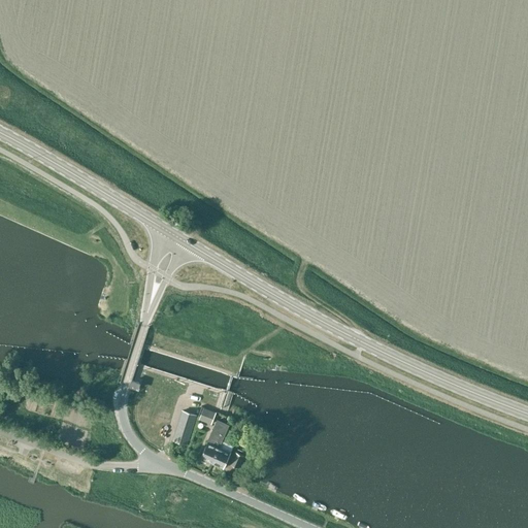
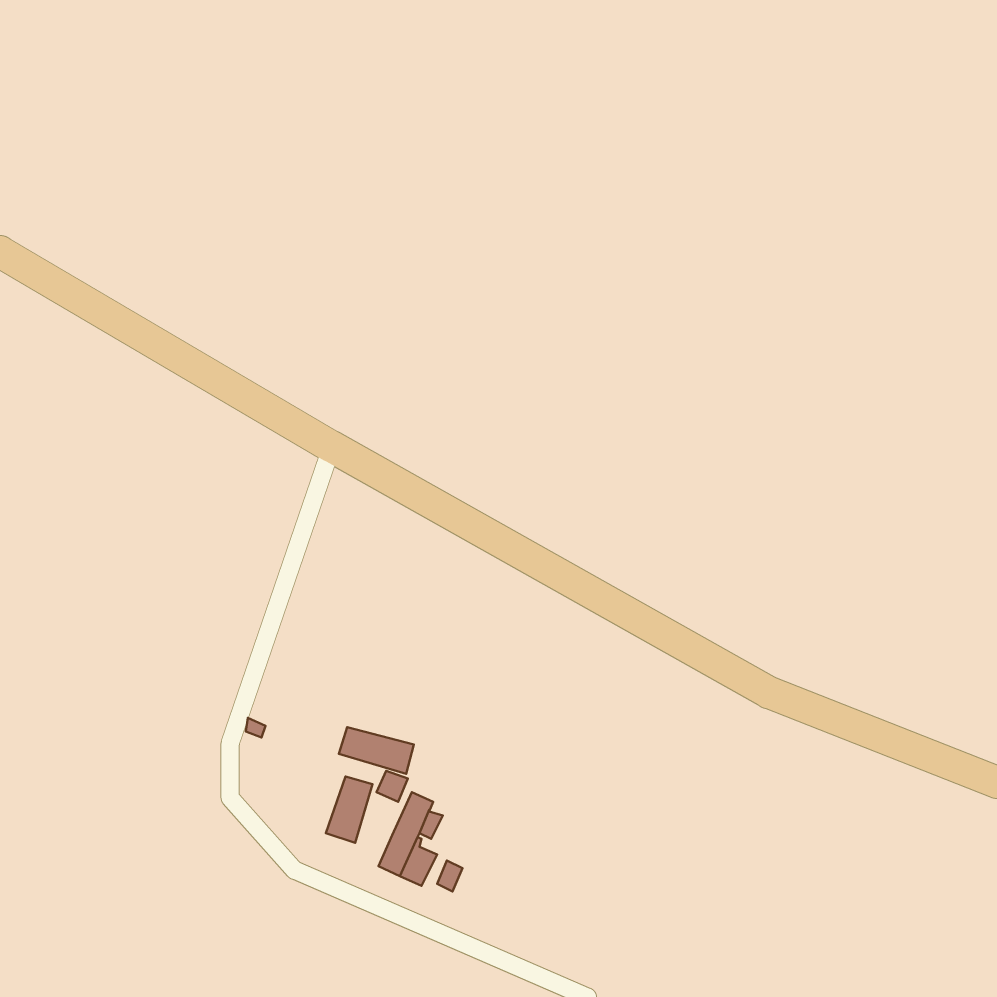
building: none -> [339,727,414,774]

